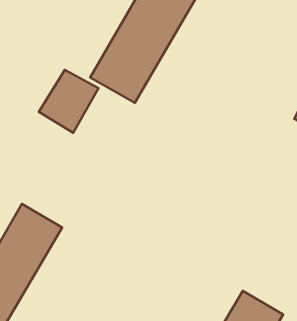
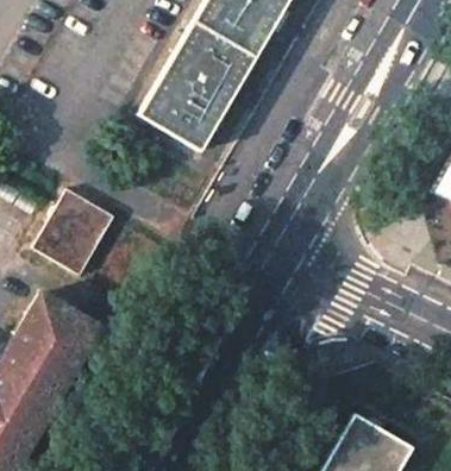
building: [39,70,99,133] -> [35,188,119,277]

